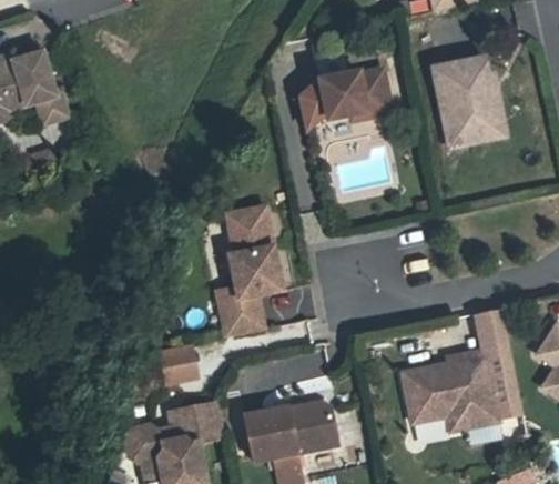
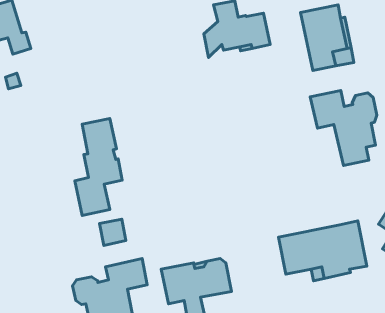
building: none -> [310,90,377,166]
building: [216,205,281,336] -> [75,119,122,215]
building: [477,310,509,354] -> none

